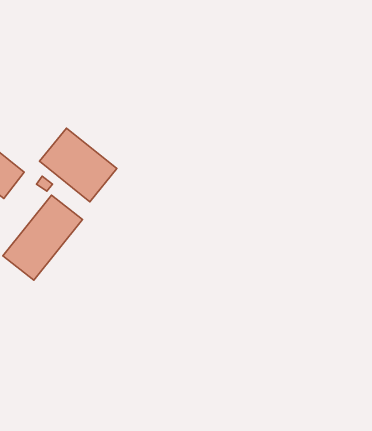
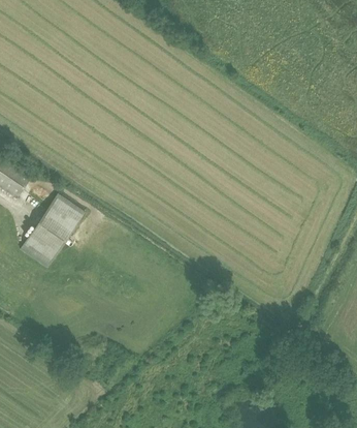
building: [39,128,117,202] -> none

